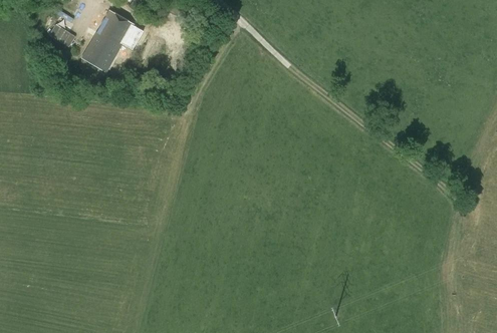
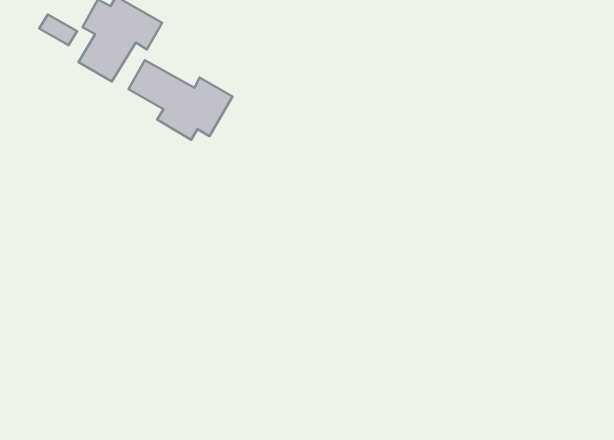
building: none -> [128,60,232,140]

